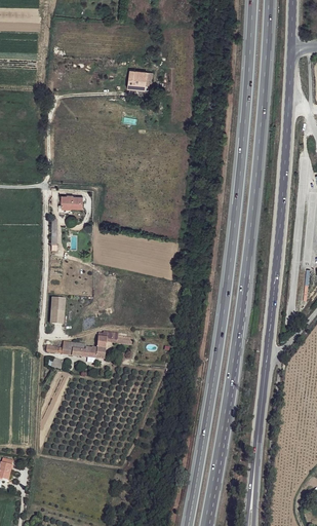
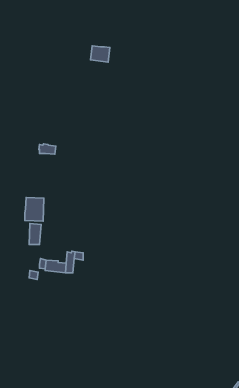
building: none -> [25,197,44,221]

